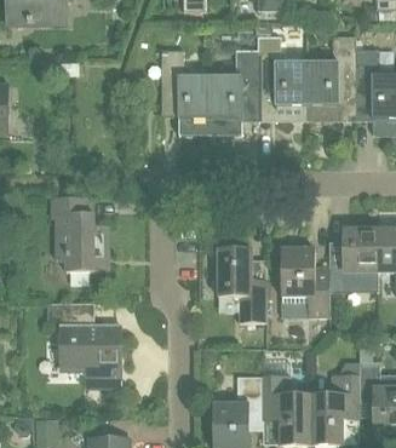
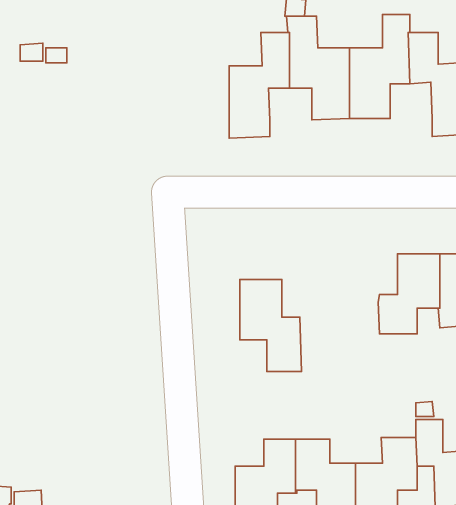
building: [160,51,208,134] -> none
building: [52,197,109,271] -> none
building: [281,247,329,316] -> none
building: [50,301,119,372] -> none

